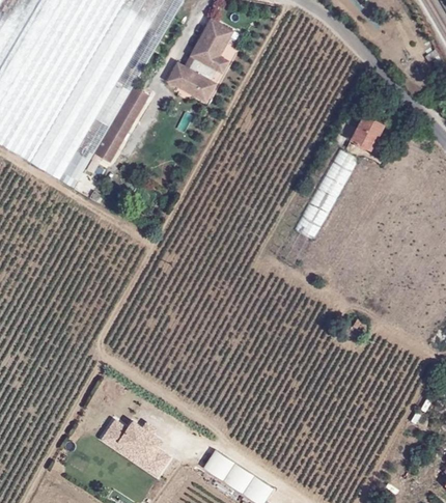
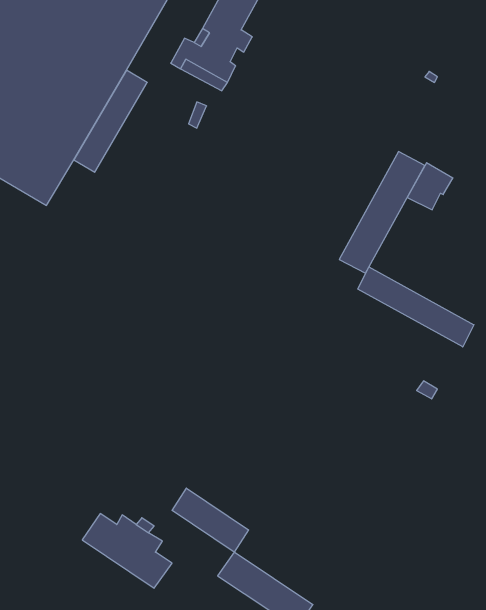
building: [349,113,383,148] -> [407,163,453,210]
building: none -> [358,267,474,347]
building: none -> [172,488,249,552]

